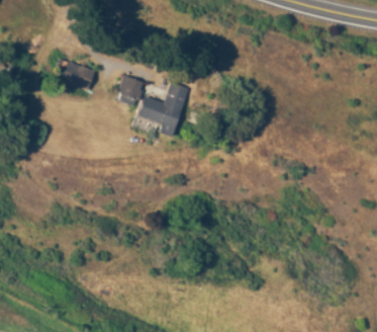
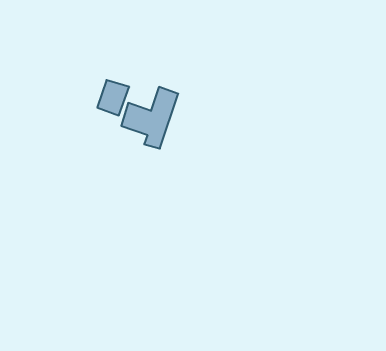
building: [54,59,95,89] -> none

